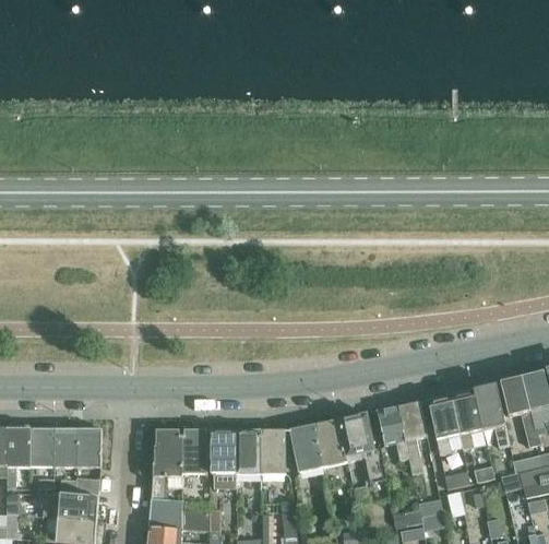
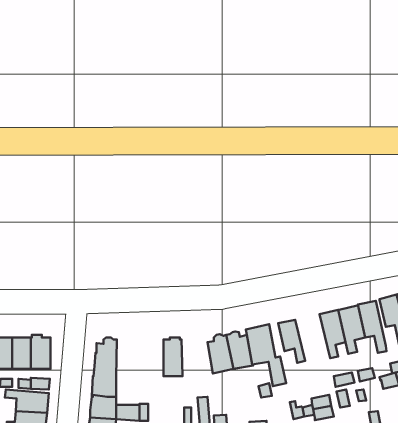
building: [398,402,428,473] -> none
building: [180,429,206,477] -> none
building: [211,429,238,476] -> none
building: [260,429,287,475] -> none

